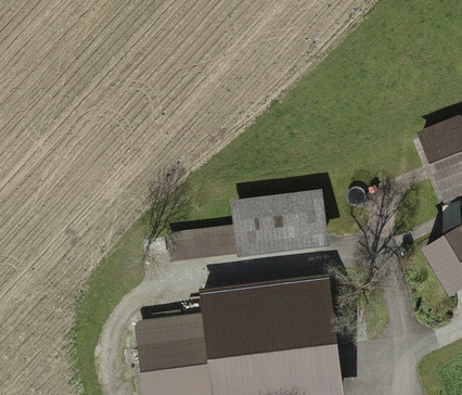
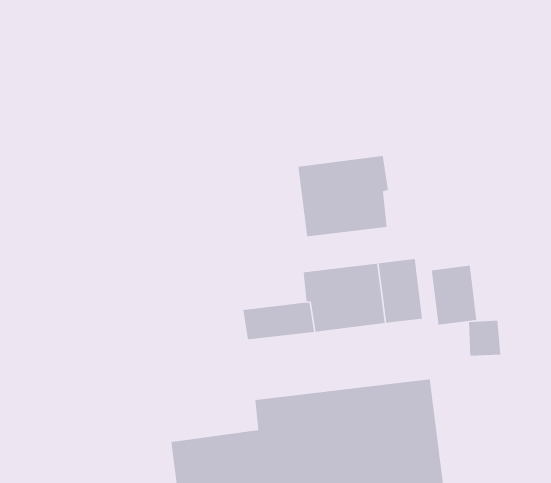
building: none -> [298,155,388,237]
building: none -> [431,265,477,326]

